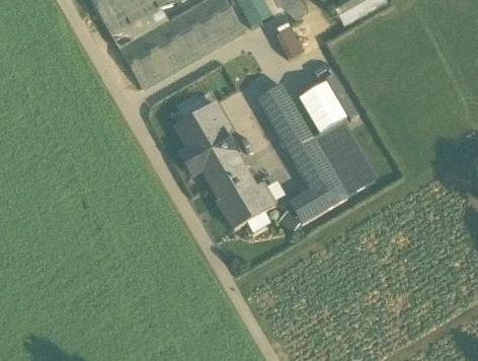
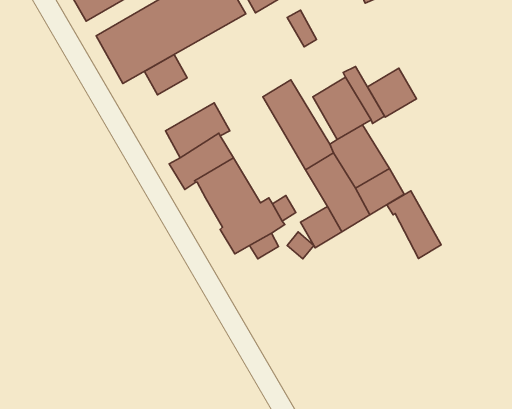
building: none -> [144,54,187,95]
building: none -> [368,68,416,117]
building: none -> [387,191,441,259]

